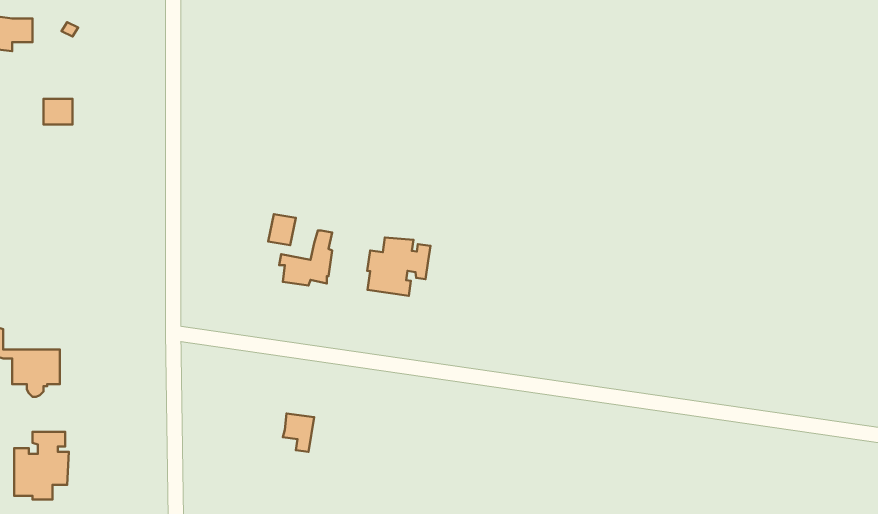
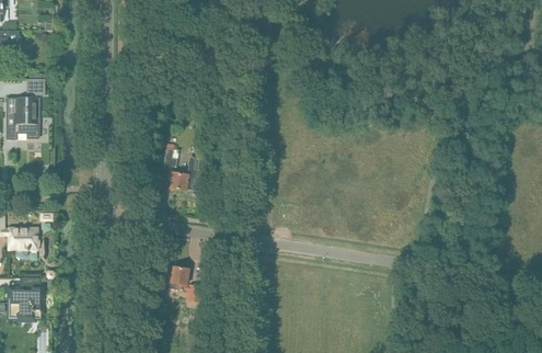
building: none -> [5,99,37,139]
building: [367,237,430,296] -> none

